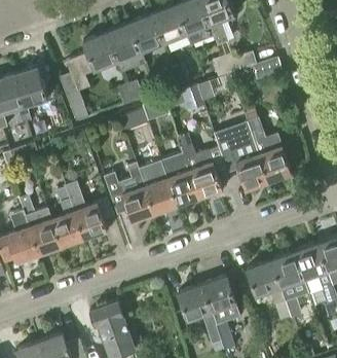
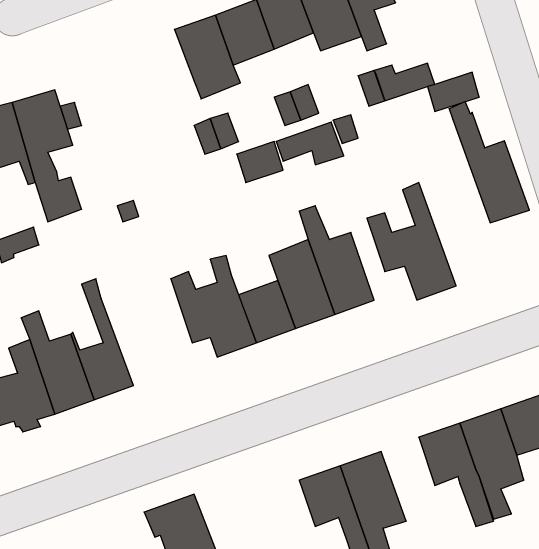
building: [59,32,117,120] -> none
building: [245,110,291,180] -> [449,102,529,223]
building: [64,183,111,238] -> none

